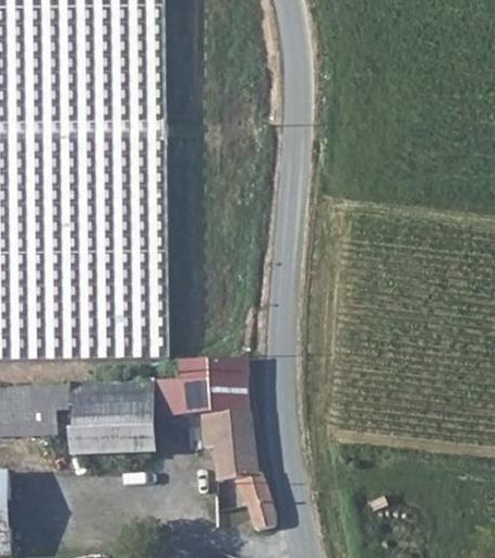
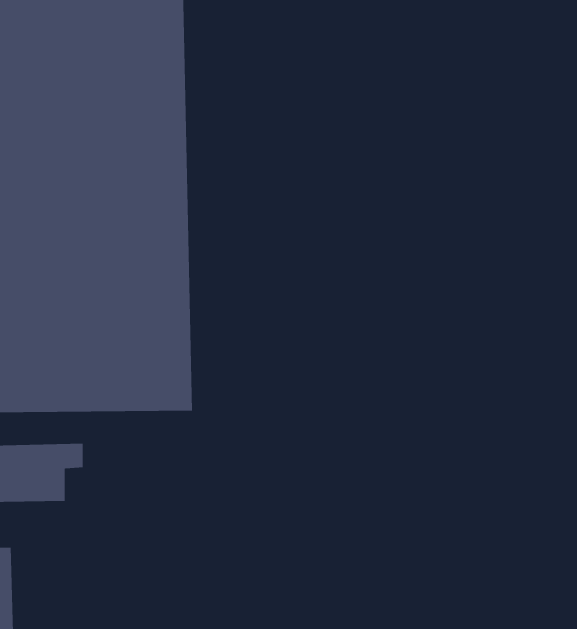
building: [162,361,277,532] -> none
building: [72,381,155,458] -> none

